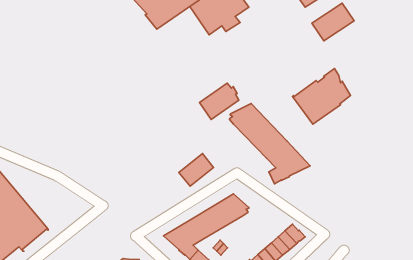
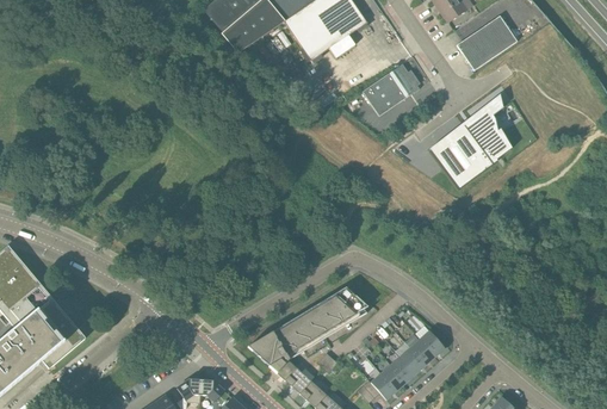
building: [199,83,239,119] -> [363,66,419,117]
building: [229,104,310,184] -> none
building: [179,153,214,186] -> none

